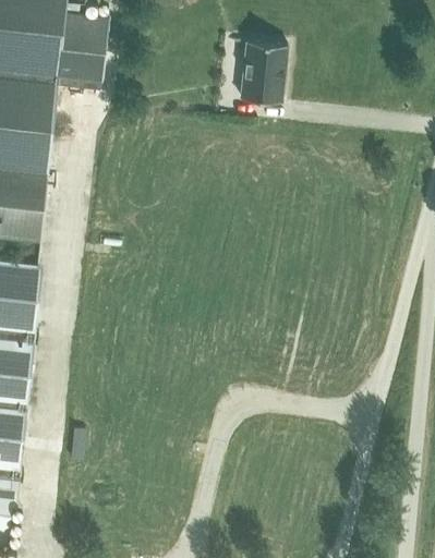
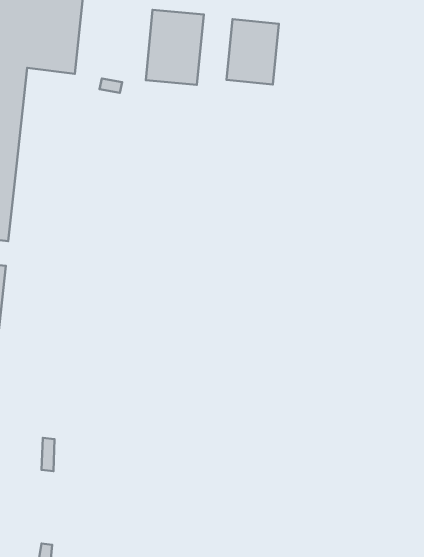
building: none -> [146,10,204,85]

